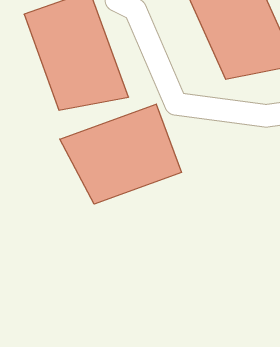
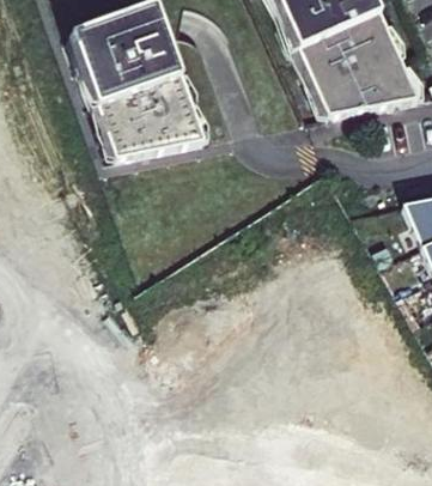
building: [60,104,181,204] -> none

